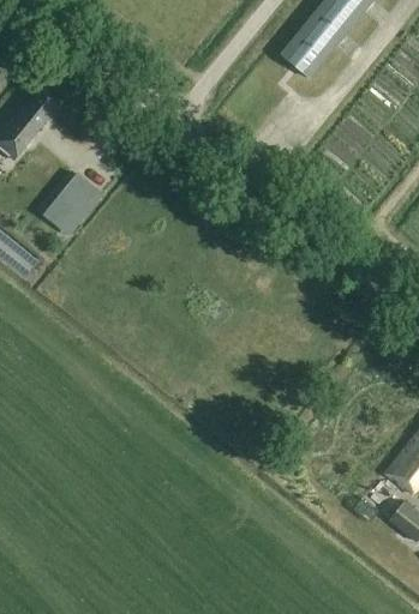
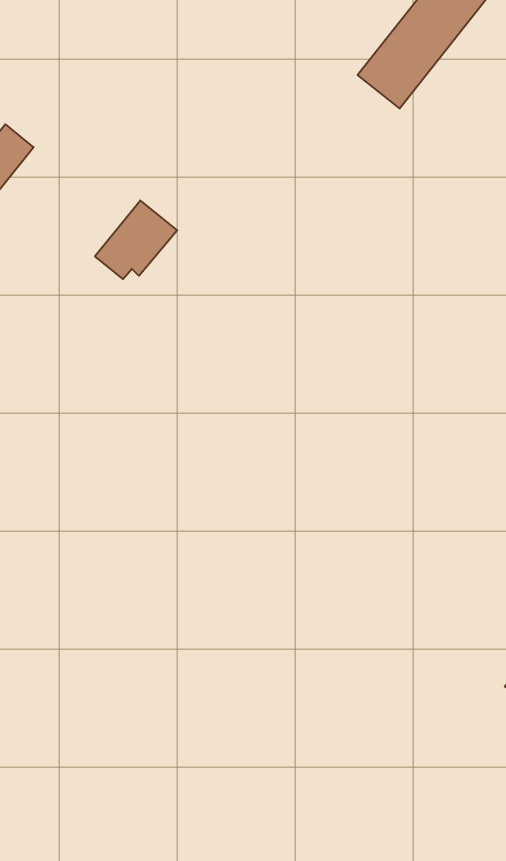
building: [46,174,102,228] -> [95,200,177,279]

